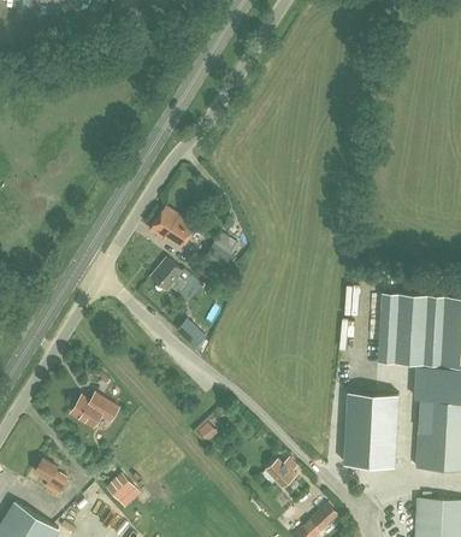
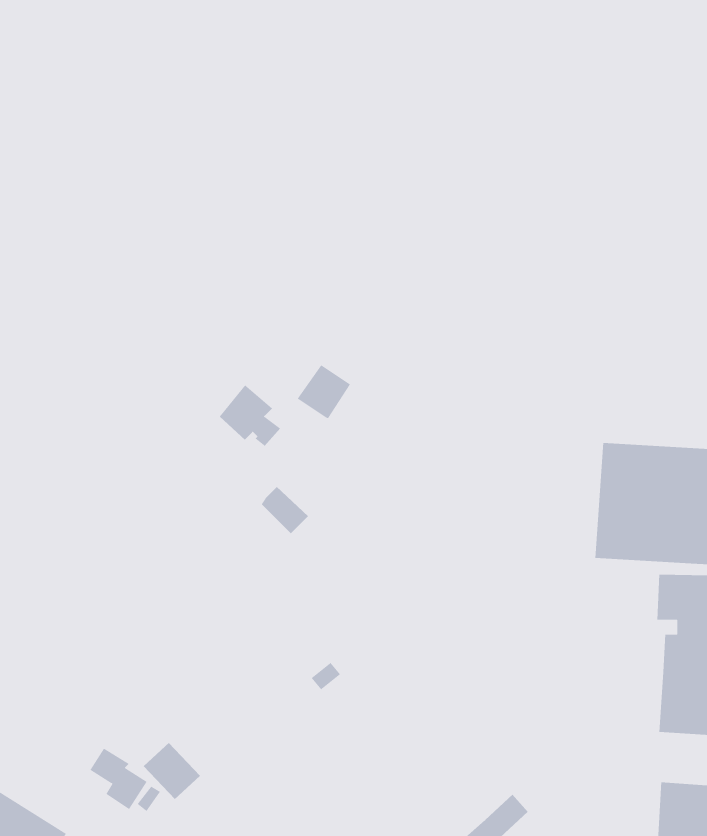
building: [149,207,195,250] -> none
building: [343,393,398,468] -> none
building: [71,394,118,429] -> none
building: [265,459,296,489] -> none
building: [34,460,69,497] -> [90,748,148,810]

